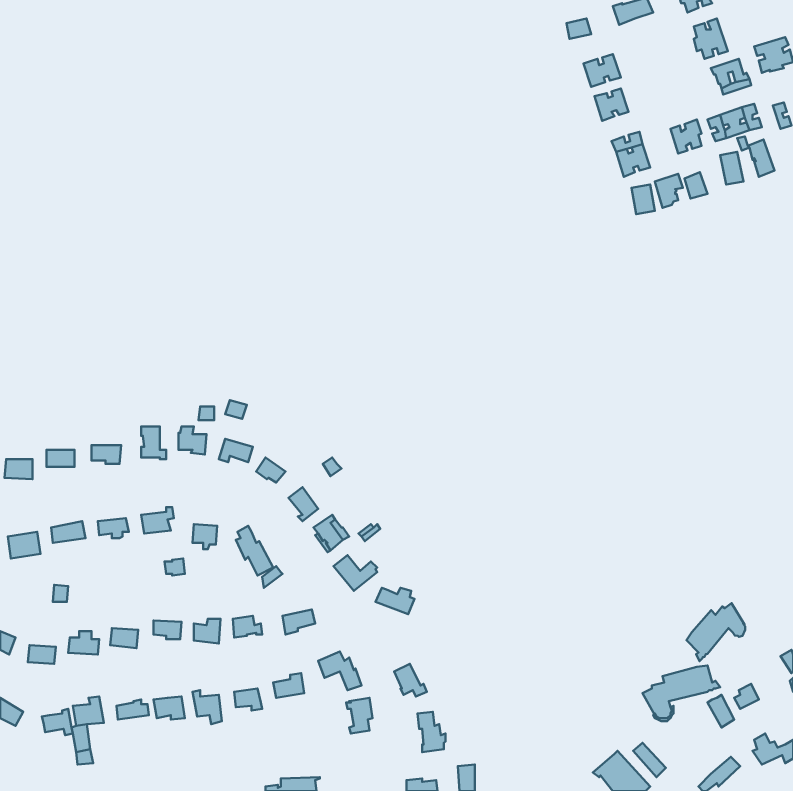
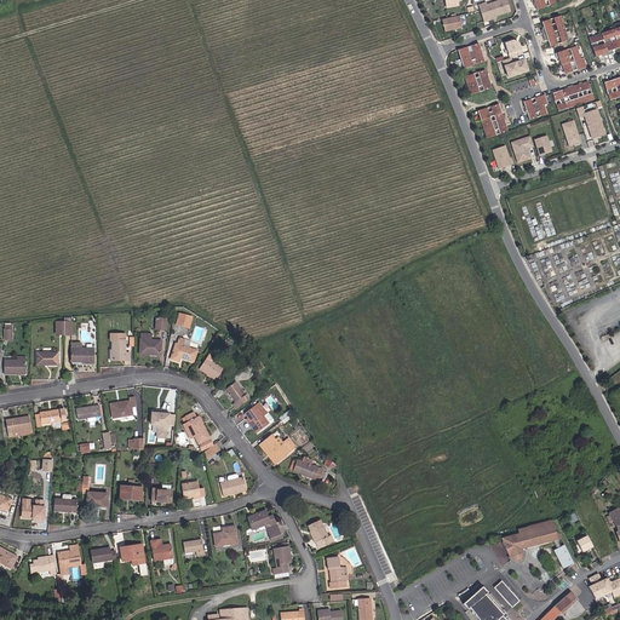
building: none -> [503,36,529,76]
building: [687,603,745,661] -> none

